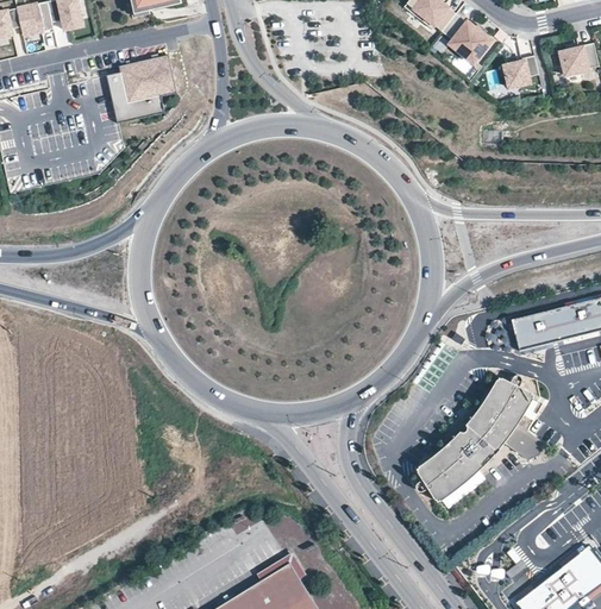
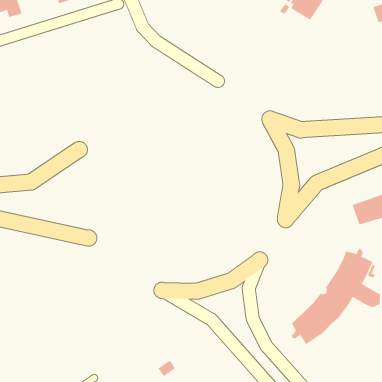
building: [107,55,177,124] -> none
building: [502,55,539,88] -> none

